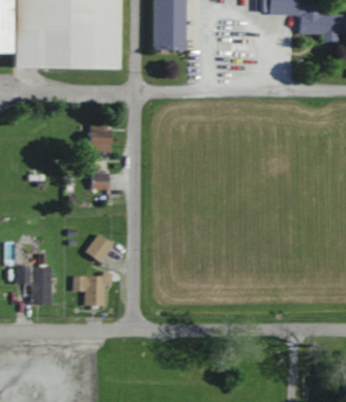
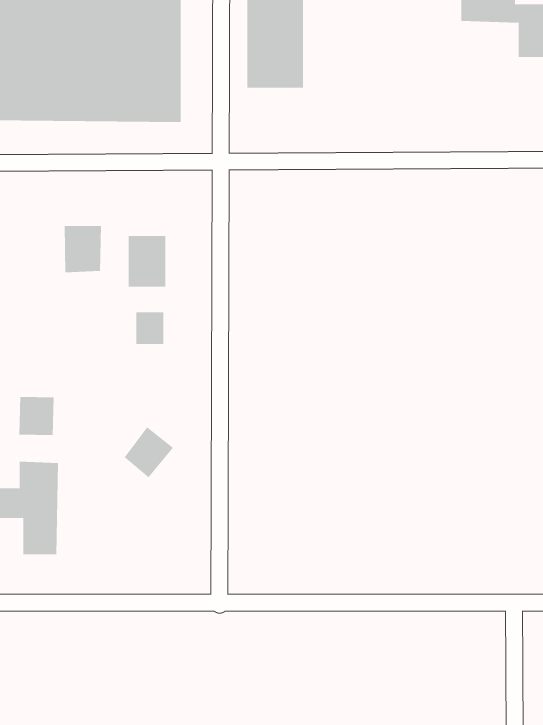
building: none -> [64,225,101,273]
building: none -> [19,396,54,436]
building: [76,274,113,305] -> none

